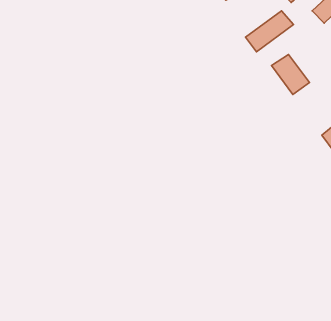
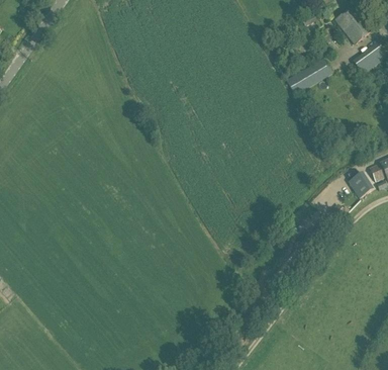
building: [271,55,310,95] -> none

